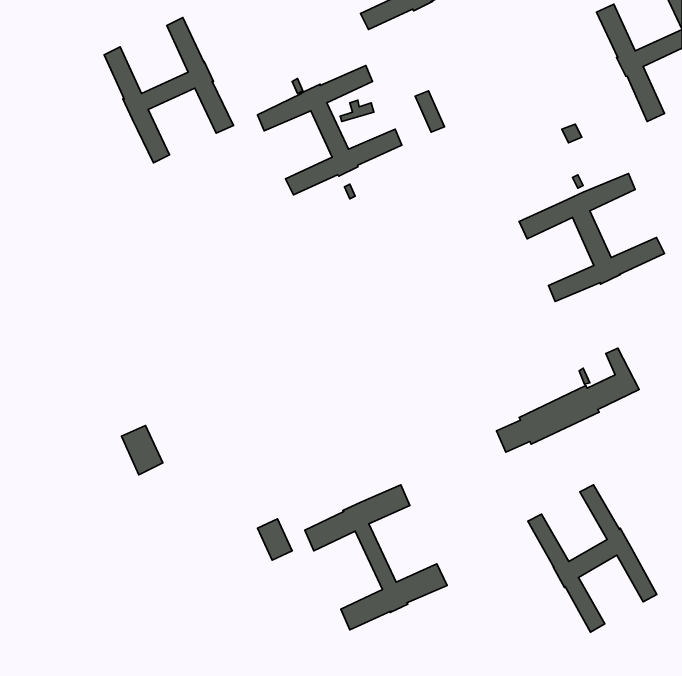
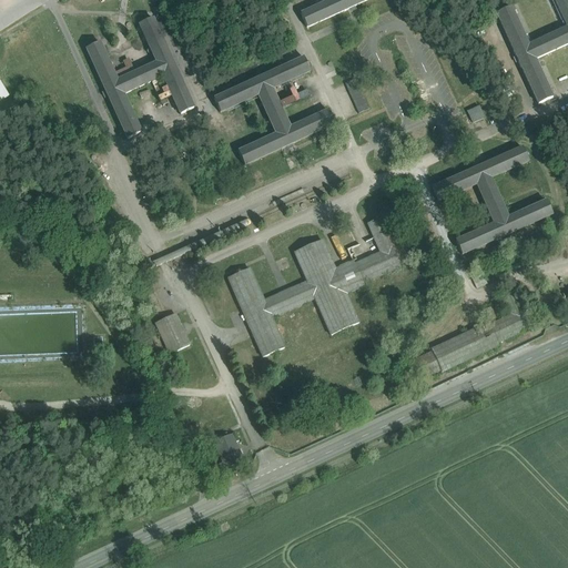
building: none -> [227,215,402,355]
building: [122,425,163,475] -> [155,311,190,352]
building: [528,485,657,632] -> none
building: [305,485,447,630] -> none

